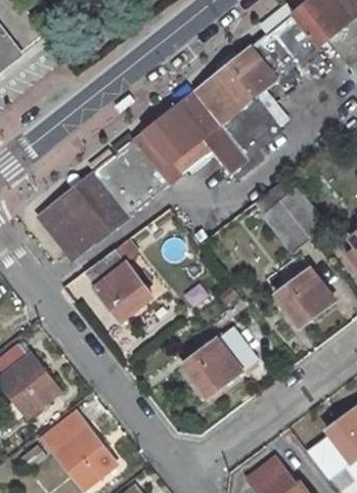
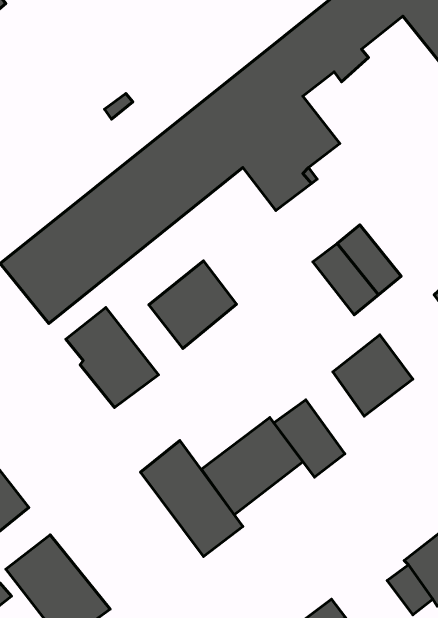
building: none -> [149,261,236,348]
building: none -> [274,400,345,477]
building: none -> [140,441,243,556]

